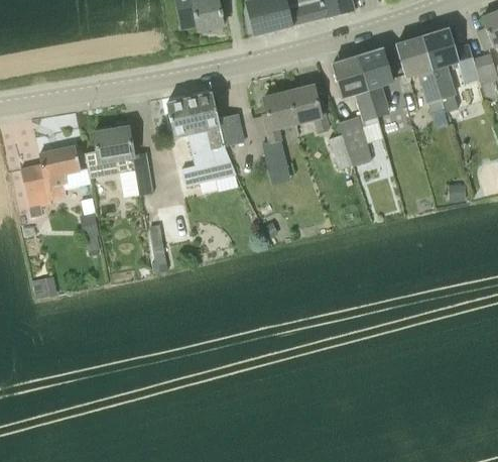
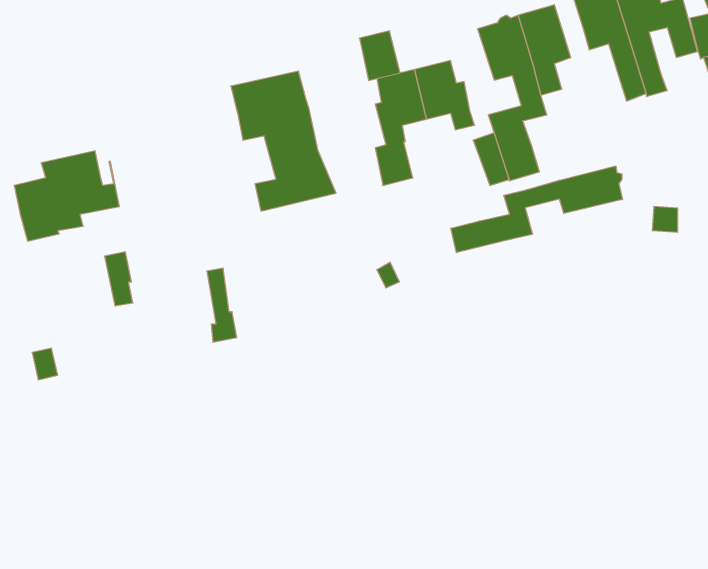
building: [219,112,246,145] -> [359,31,400,80]
building: [86,125,153,194] -> none
building: none -> [451,166,622,253]

